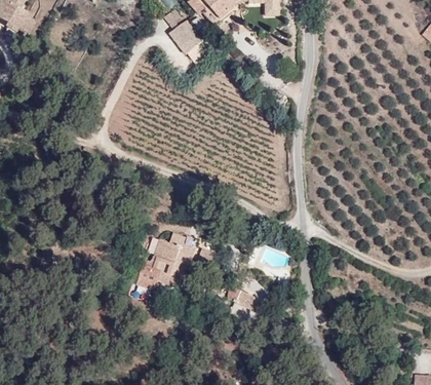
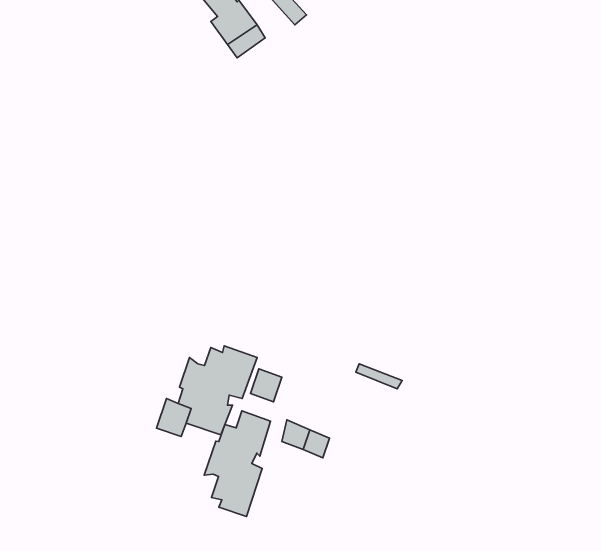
building: none -> [204,411,271,516]

